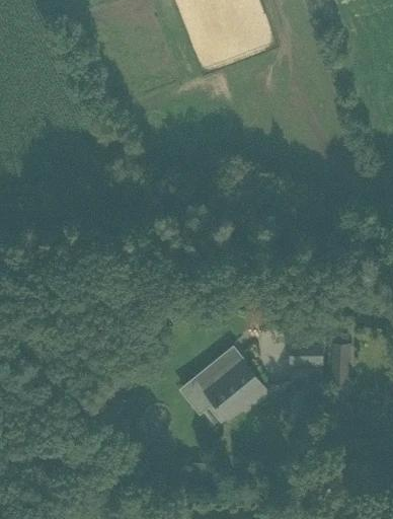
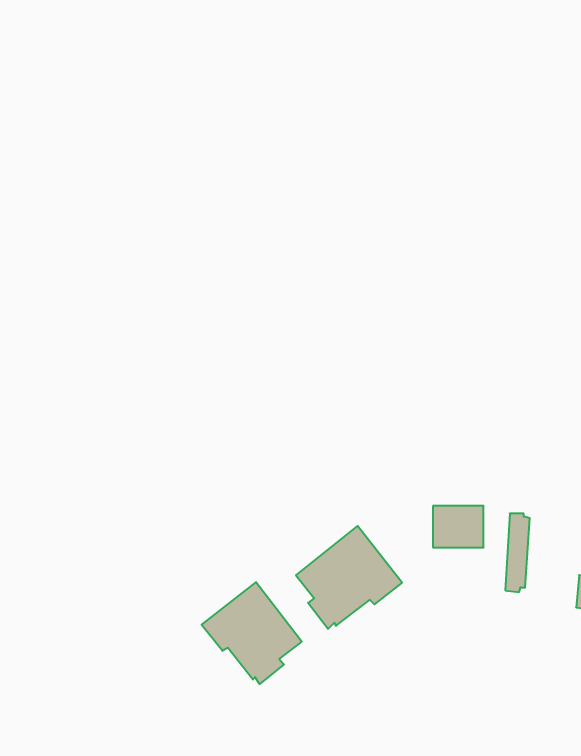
building: none -> [202,582,302,684]

